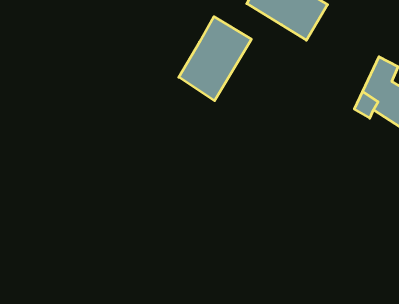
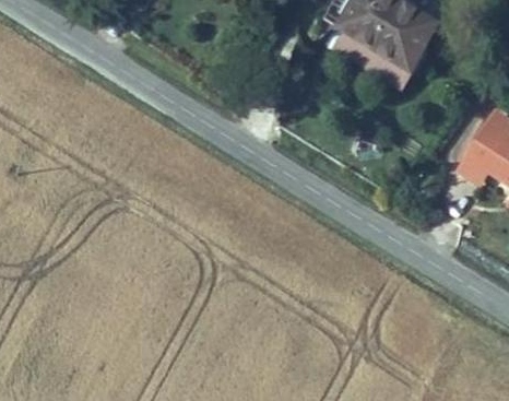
building: [179,17,251,101] -> none

